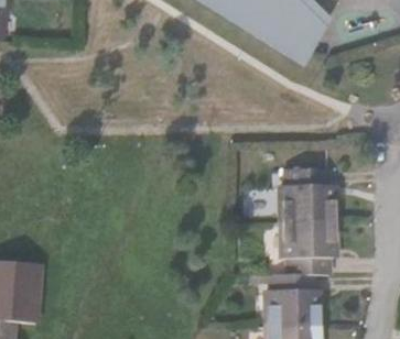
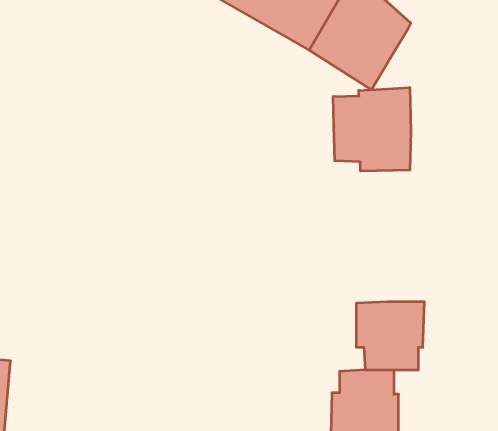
building: none -> [333,87,411,171]
building: [292,174,342,226] -> none

